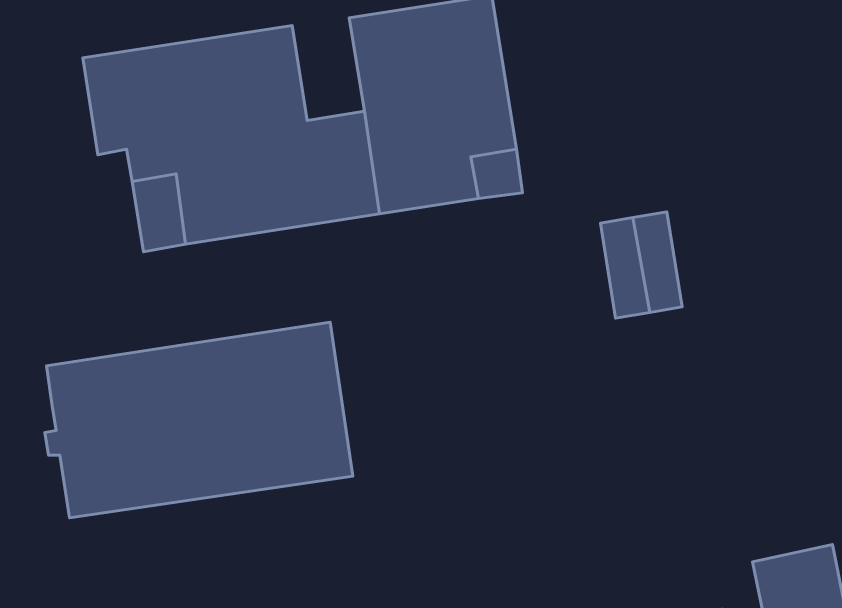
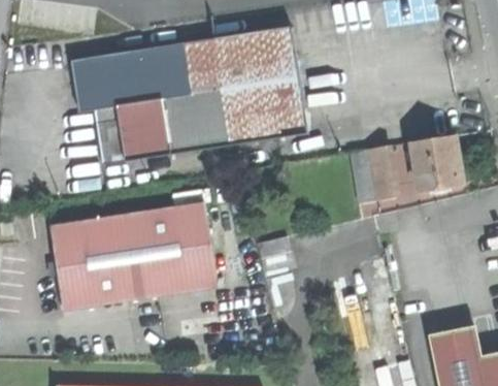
building: none -> [184,38,223,94]
building: none -> [404,133,463,189]

